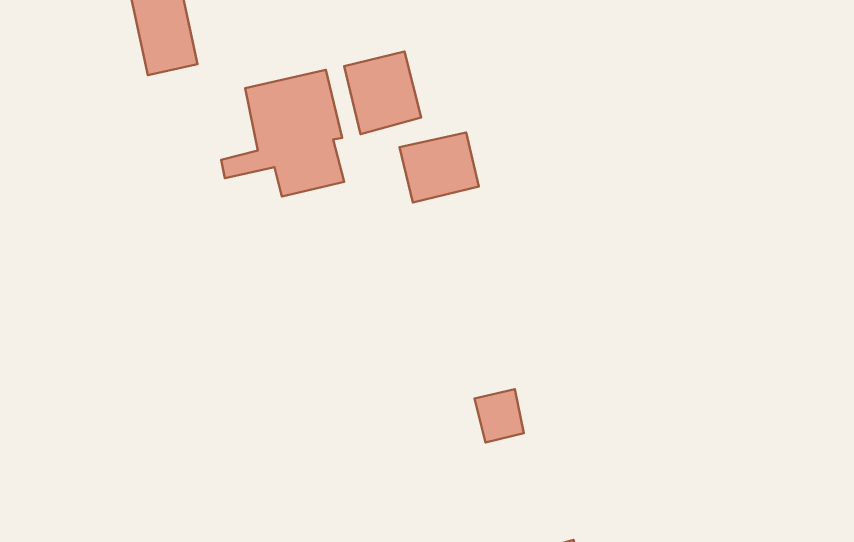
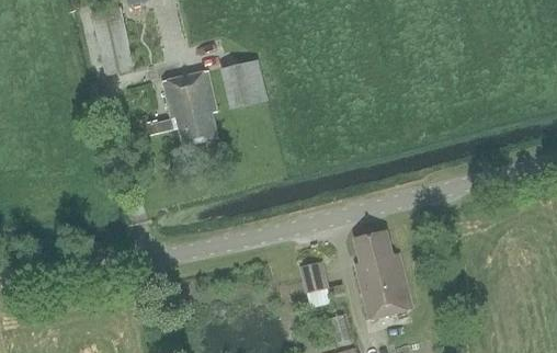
building: [399,132,479,202] -> none
building: none -> [353,230,410,318]

